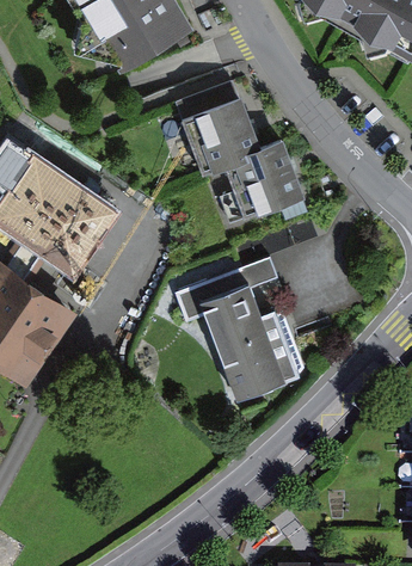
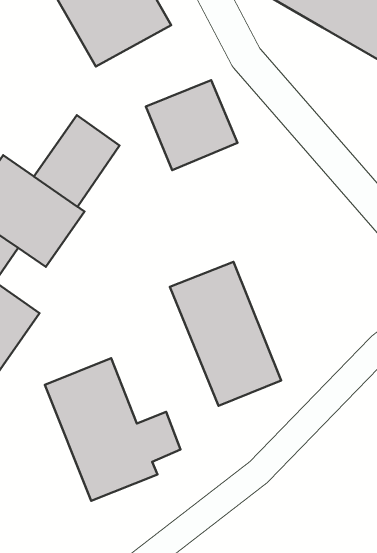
building: none -> [34,115,120,207]
building: [226,140,307,234] -> none
building: none -> [45,358,181,501]

